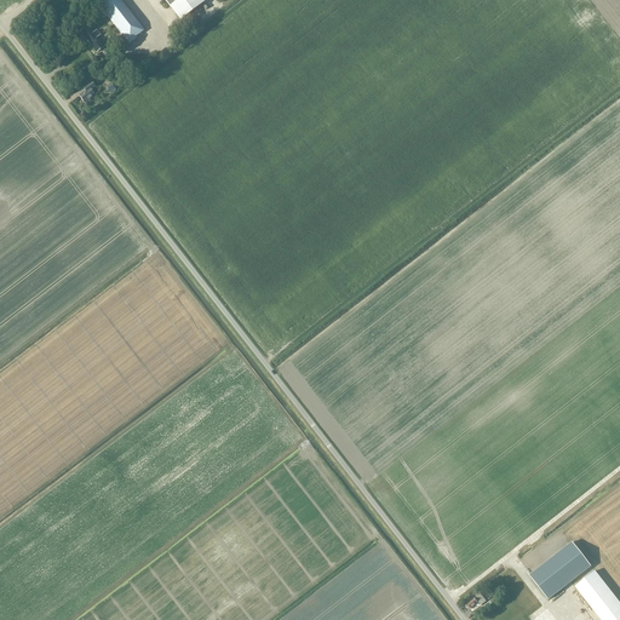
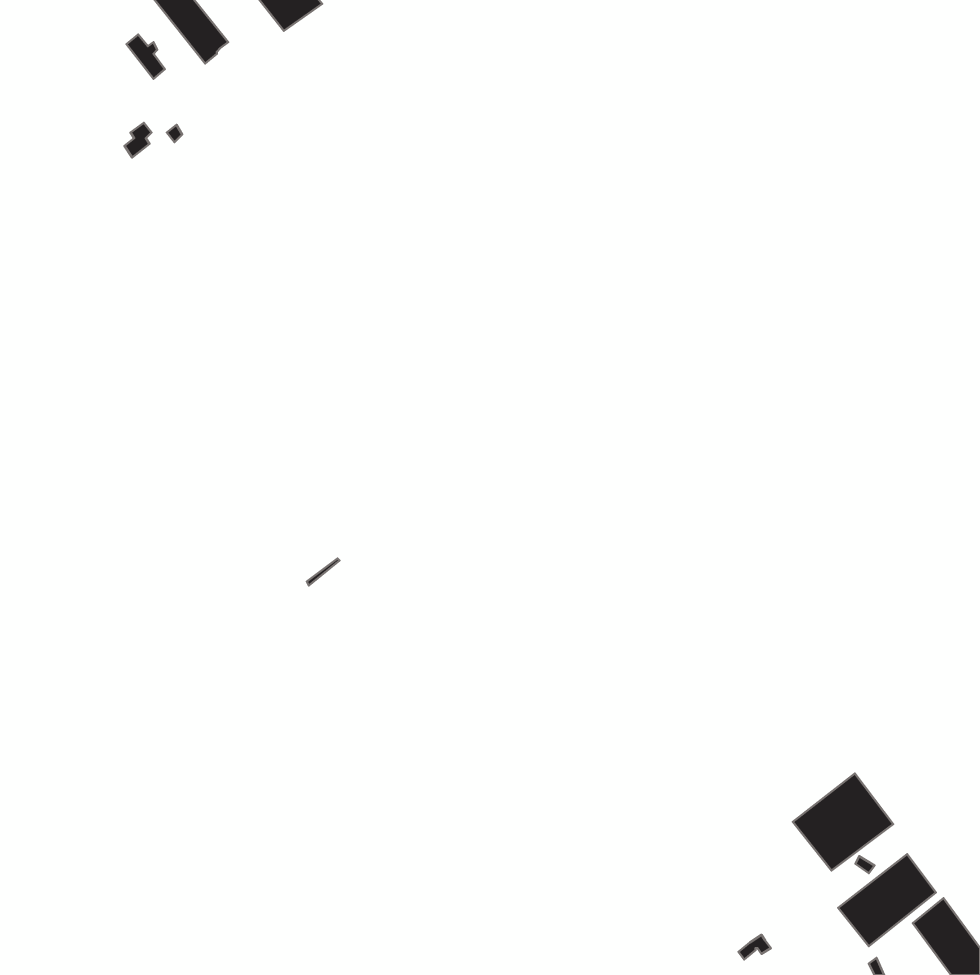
building: none -> [793,774,893,870]

